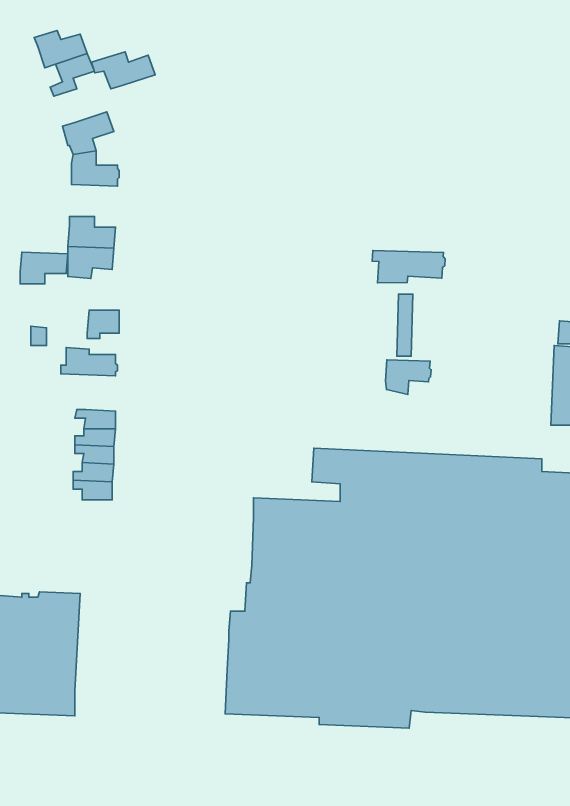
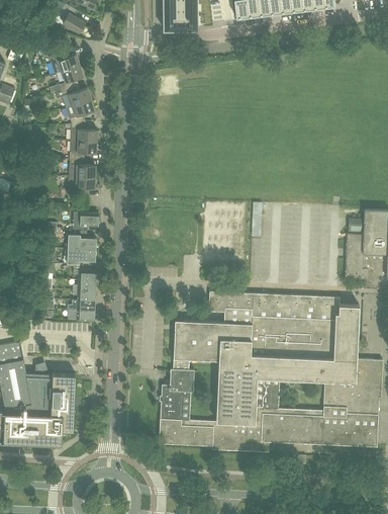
building: [91,52,155,89] -> [55,86,91,107]
building: [372,250,445,283] -> none
building: [20,252,68,284] -> [70,141,97,159]
building: [385,360,431,394] -> none
building: none -> [65,249,97,263]

